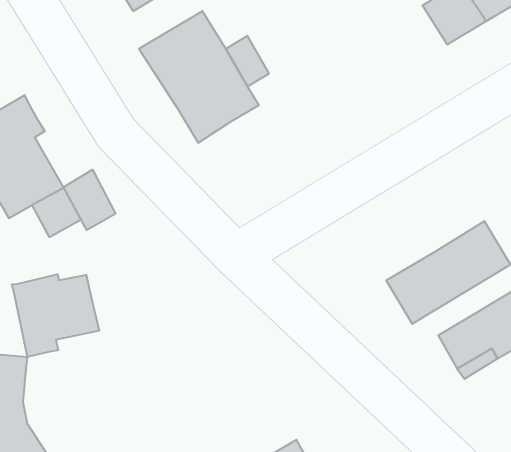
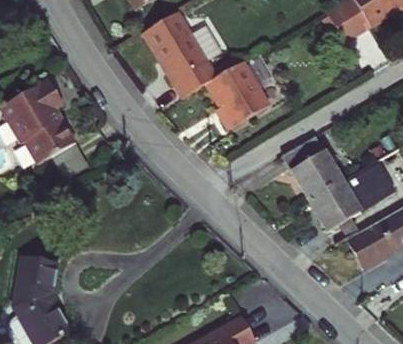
building: none -> [201,68,265,137]
building: [63,170,116,230] -> none
building: none -> [281,134,342,201]
building: [12,274,99,357] -> none

